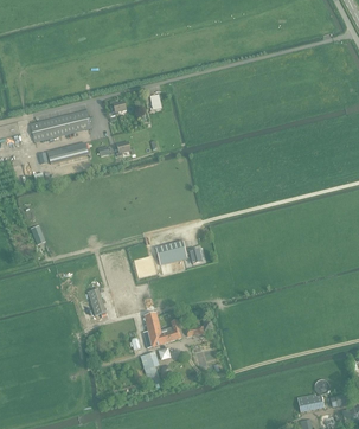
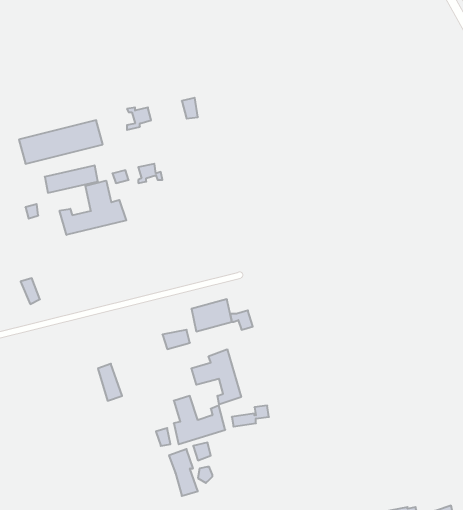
building: none -> [60,181,126,235]
building: none -> [191,349,241,404]

